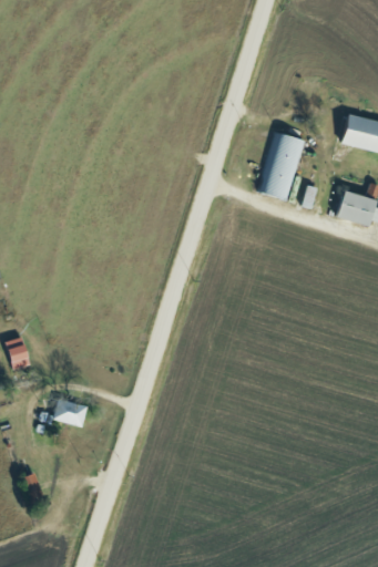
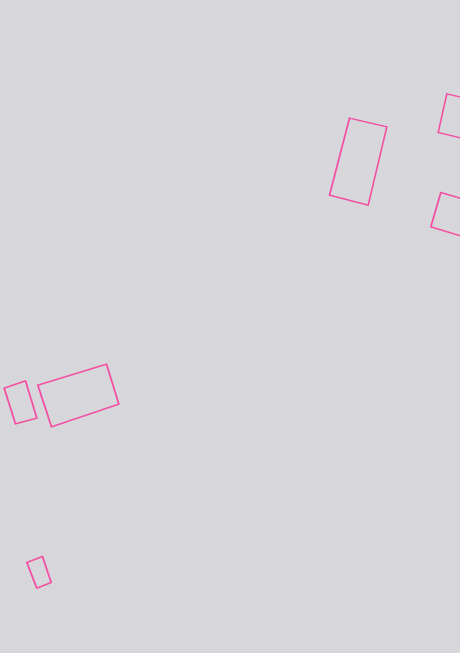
building: none -> [38,364,119,427]
building: [54,399,88,426] -> none

